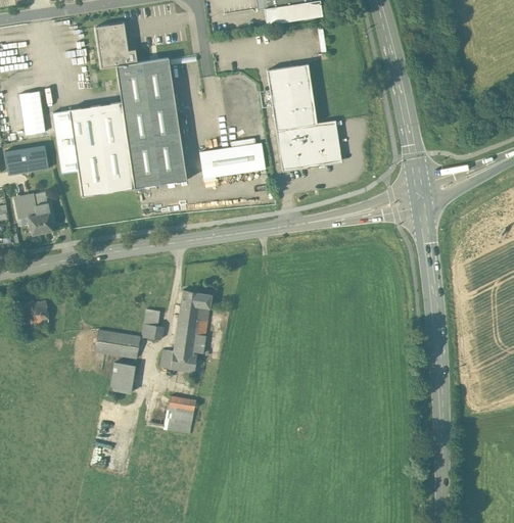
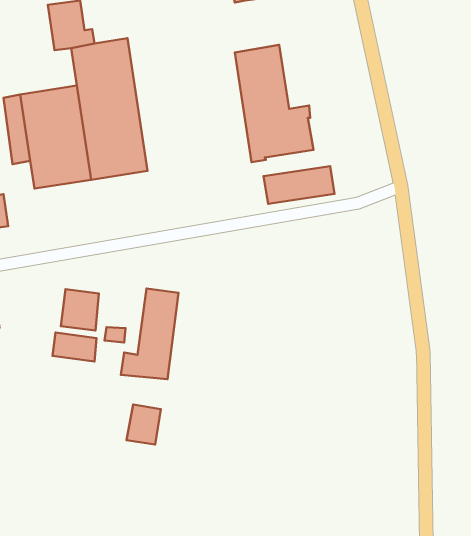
building: [199,143,265,178] -> [264,166,334,204]
building: none -> [61,289,99,331]
building: [112,362,139,393] -> none

